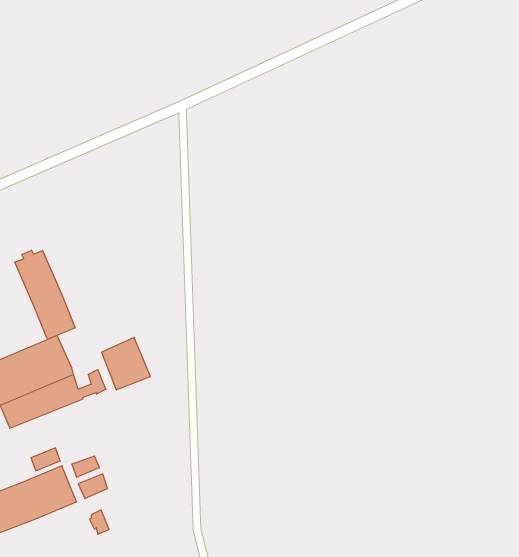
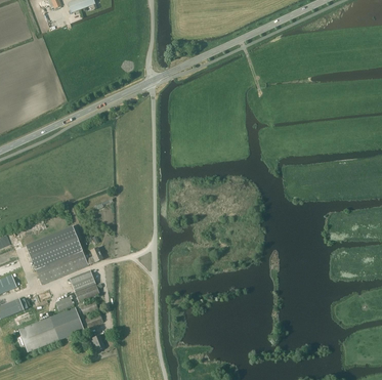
building: [15,250,75,339] -> none
building: [101,338,150,390] -> [70,268,100,301]

